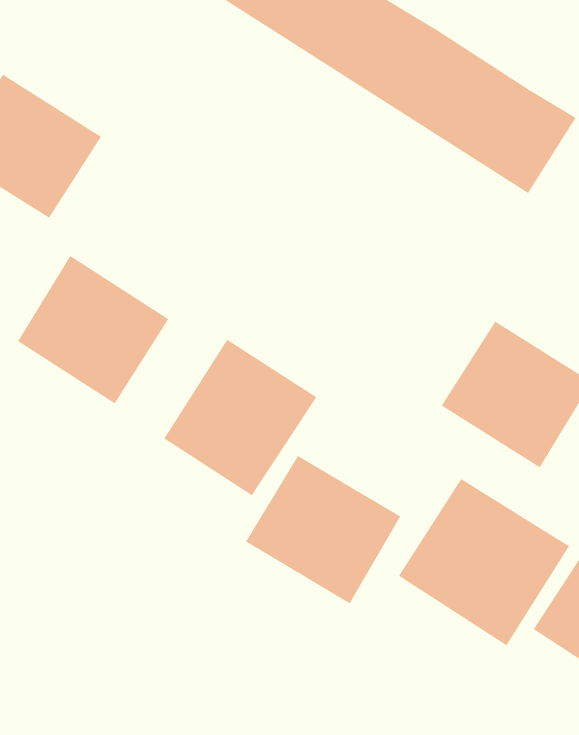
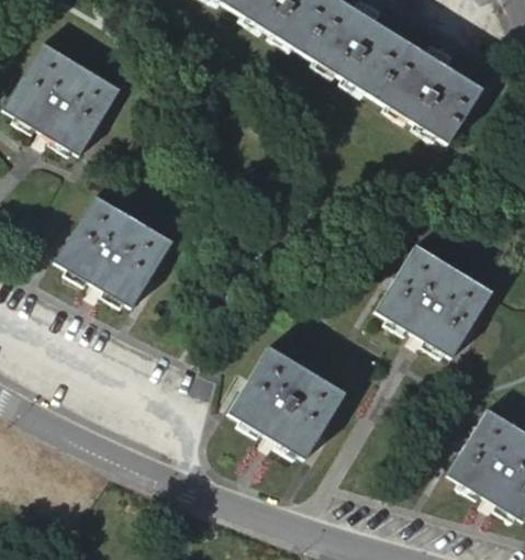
building: [164,339,317,496] -> none
building: [398,478,570,646] -> none

